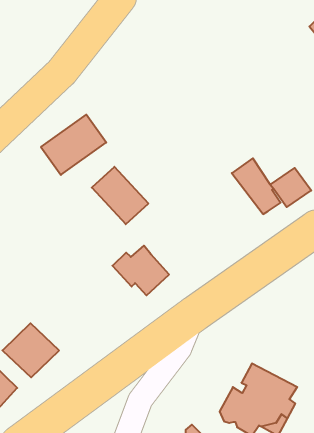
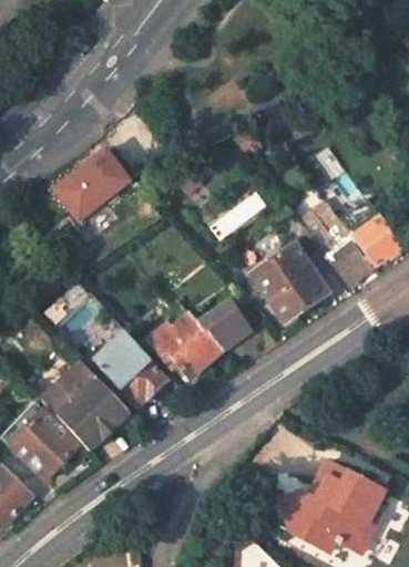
building: [92,167,148,224] -> [93,333,165,406]
building: none -> [252,243,327,320]
building: none -> [197,300,246,349]
building: none -> [39,359,127,449]

